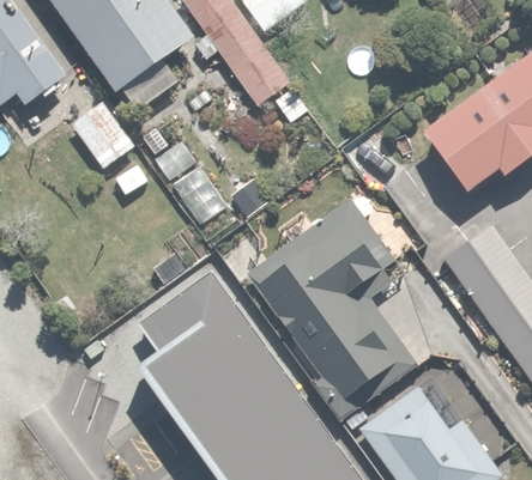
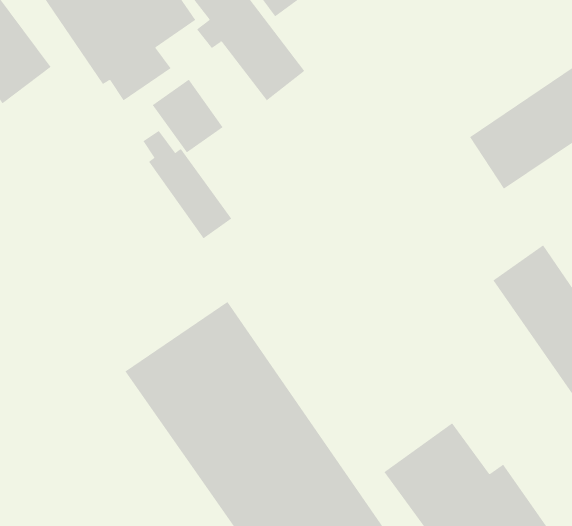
building: [71,102,133,166] -> [152,79,224,153]
building: [243,200,412,408] -> none

